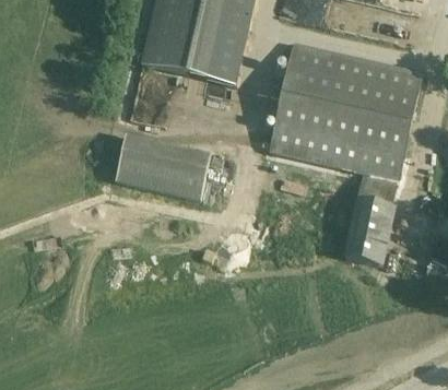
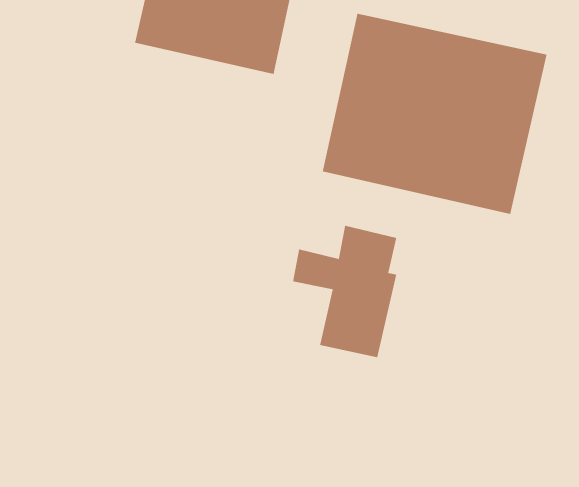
building: [119,133,215,201] -> none
building: [325,175,397,267] -> [292,225,397,358]

